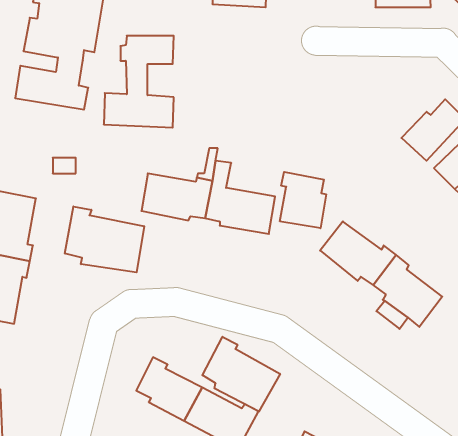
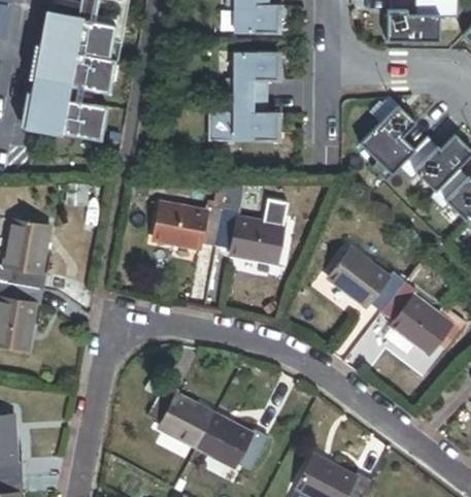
building: [104,36,174,128] -> [205,55,274,145]
building: none -> [358,99,416,172]
building: [280,172,326,228] -> none
building: [65,206,144,272] -> none
building: [202,337,280,412] -> none

